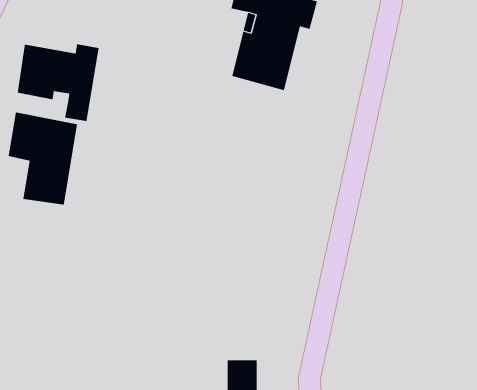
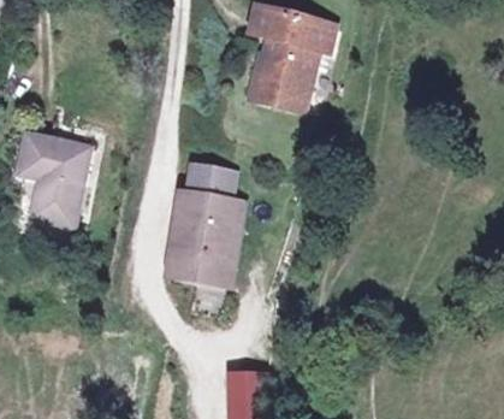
building: [17,44,99,122] -> none
building: none -> [176,166,241,285]

